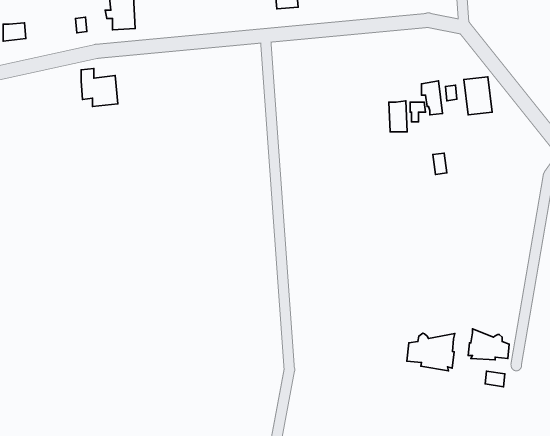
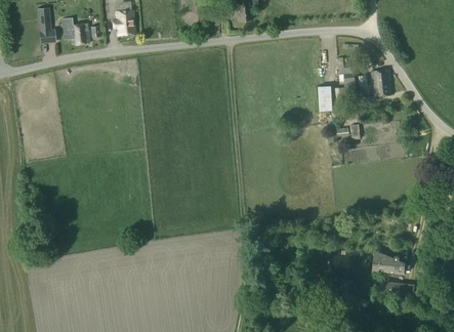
building: [81,68,118,107] -> [63,16,89,44]
building: [407,333,455,371] -> none

